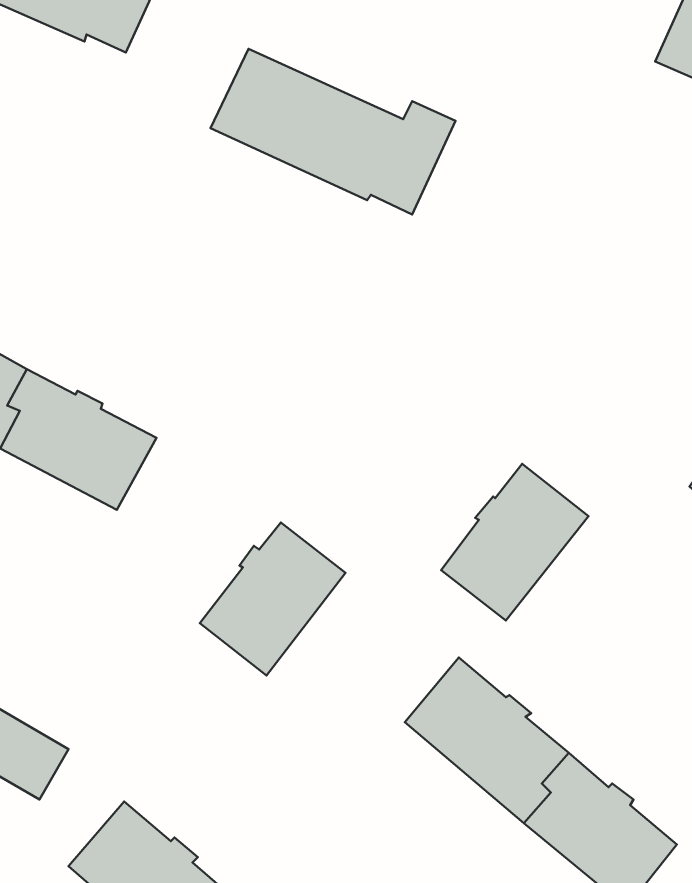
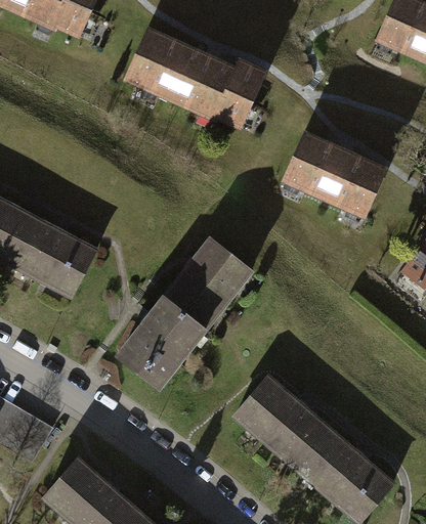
building: none -> [285,134,385,214]
building: [441,464,589,621] -> [166,239,250,329]

